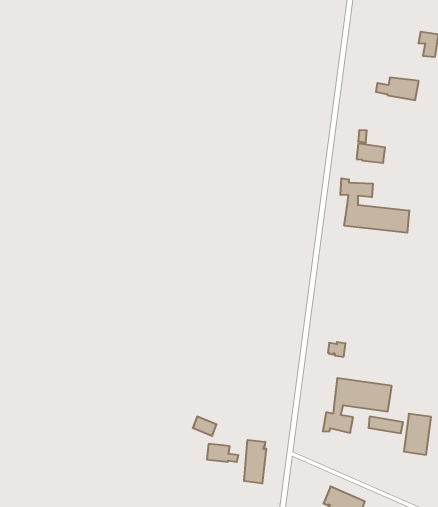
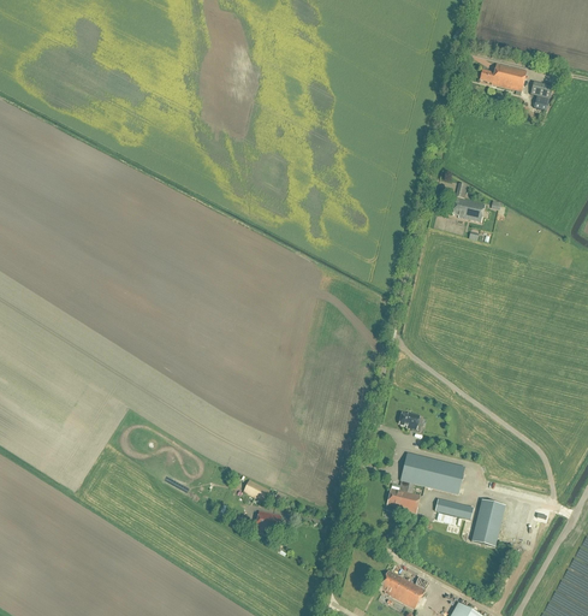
building: [376,77,419,100] -> [479,64,527,91]
building: [341,178,409,233] -> none
building: [244,440,266,484] -> none

